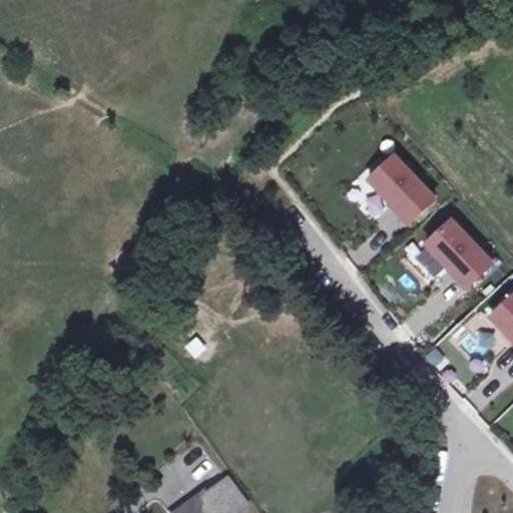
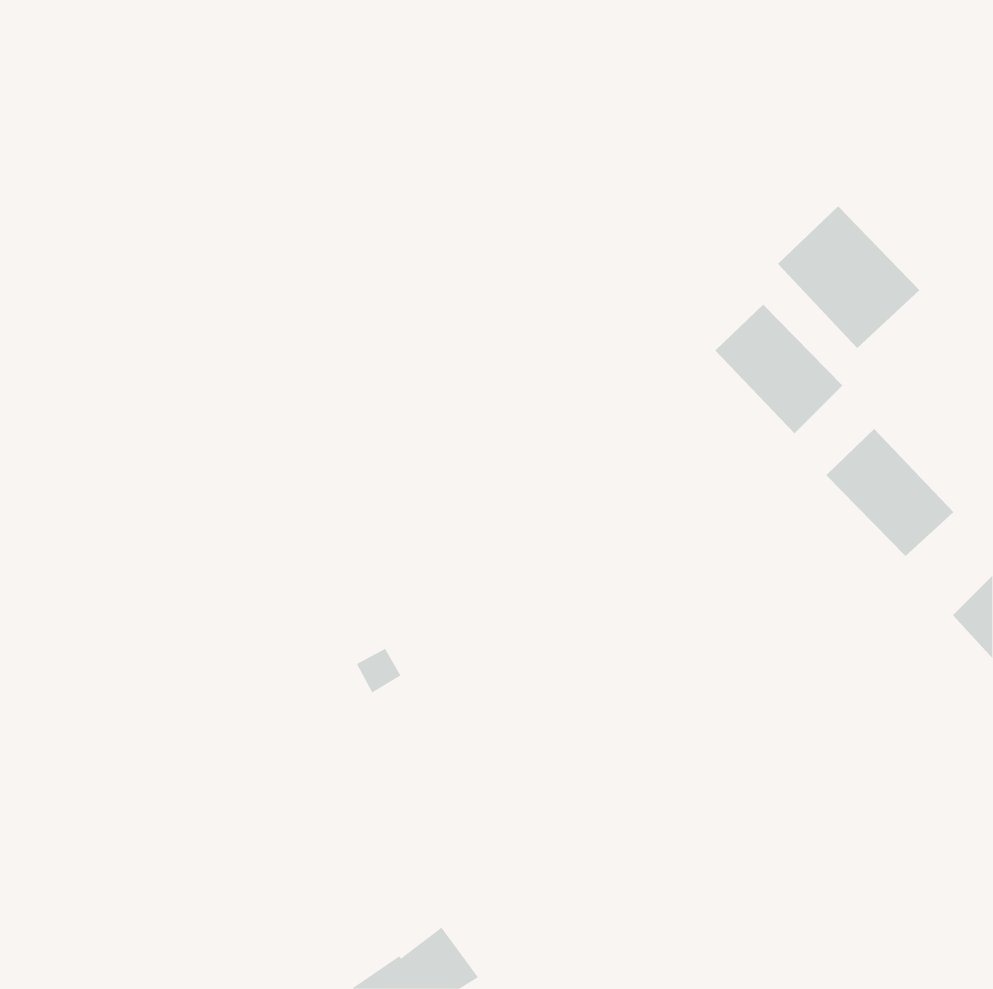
building: none -> [777,205,920,349]

